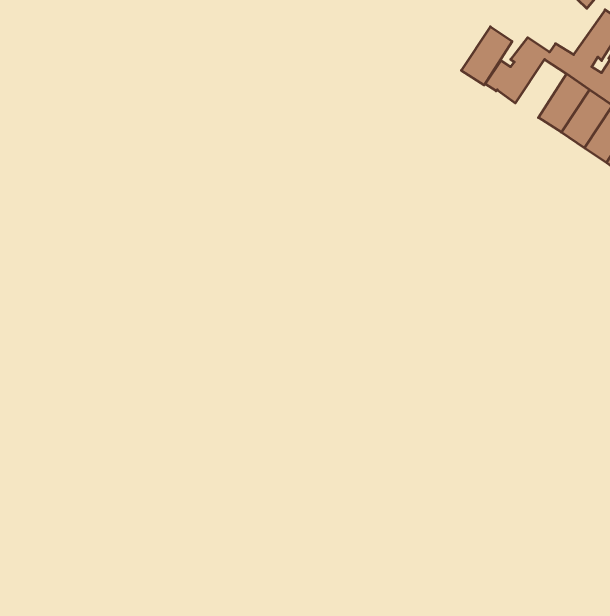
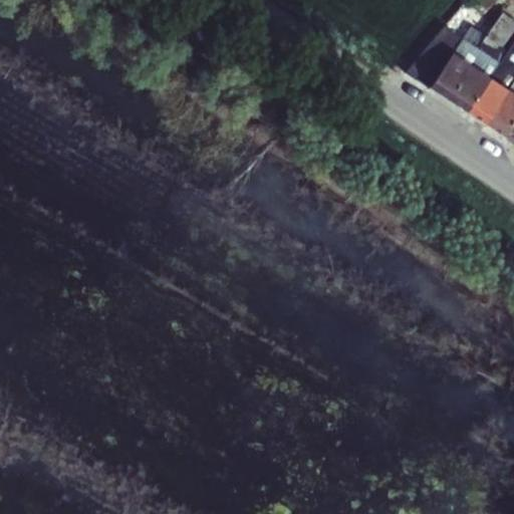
building: [461,27,512,85] -> [435,49,477,97]

